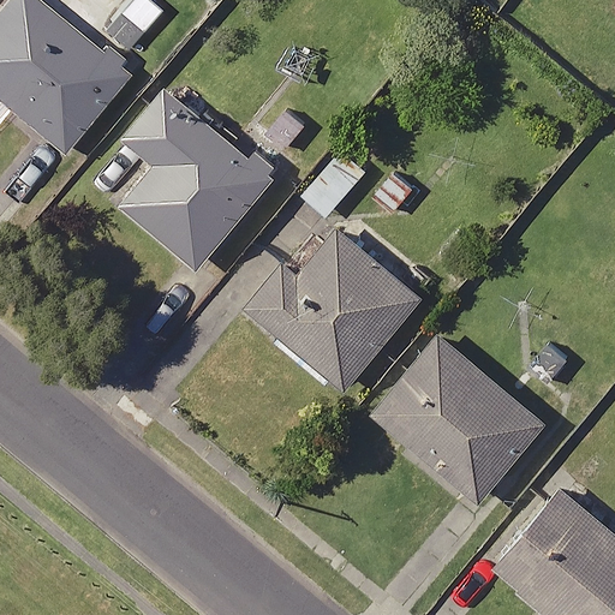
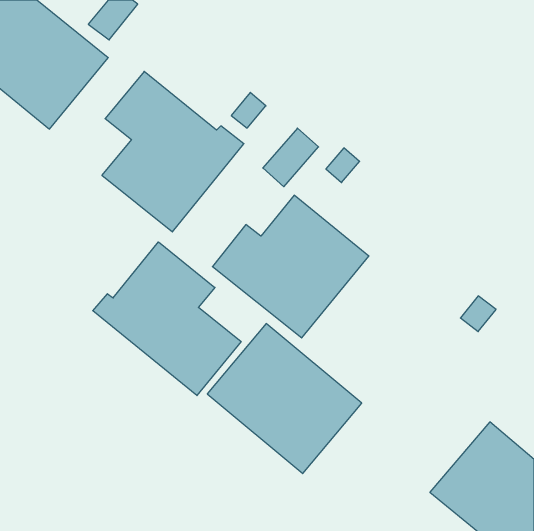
building: none -> [93,242,241,396]
building: [370,334,547,506] -> [207,324,362,474]

